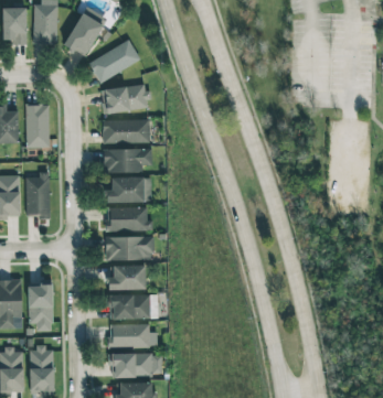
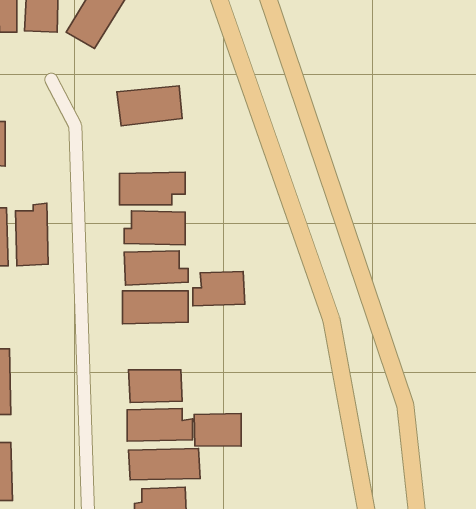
building: [88,39,140,83] -> none
building: [25,104,49,147] -> none
building: [102,119,149,143] -> none
building: [107,265,146,290] -> [193,271,245,306]
building: [28,283,53,331] -> none
building: none -> [194,413,241,446]
building: [29,347,54,390] -> none

